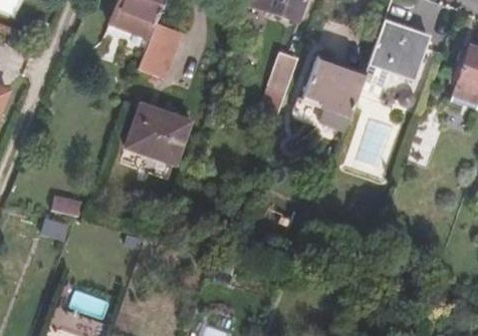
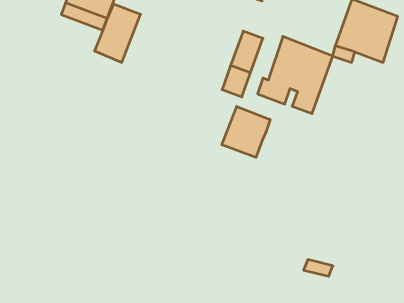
building: [127,104,190,163] -> none
building: none -> [222,106,270,157]

